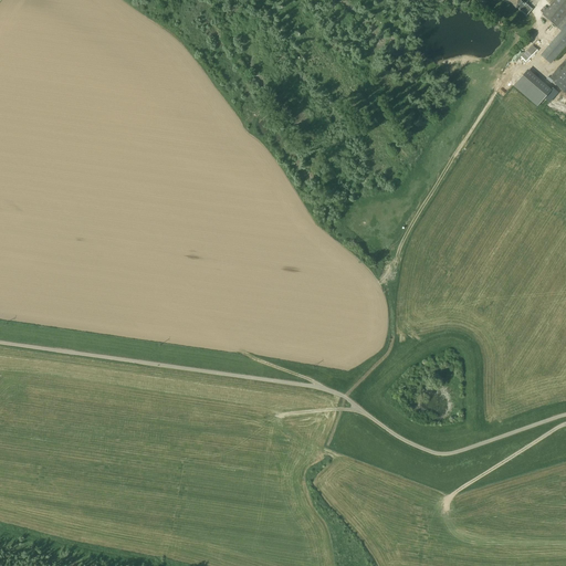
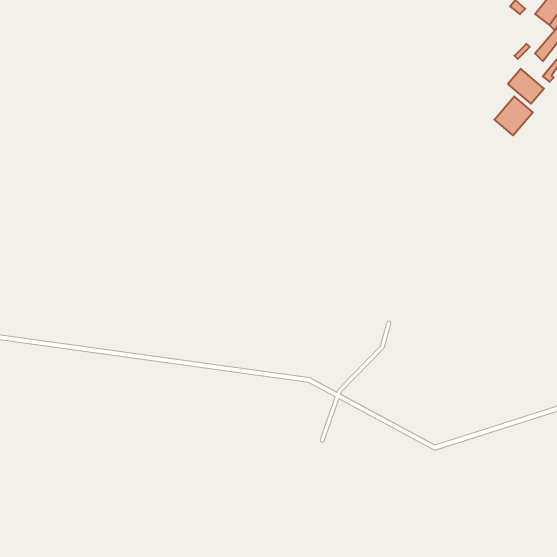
building: none -> [494,96,533,135]

